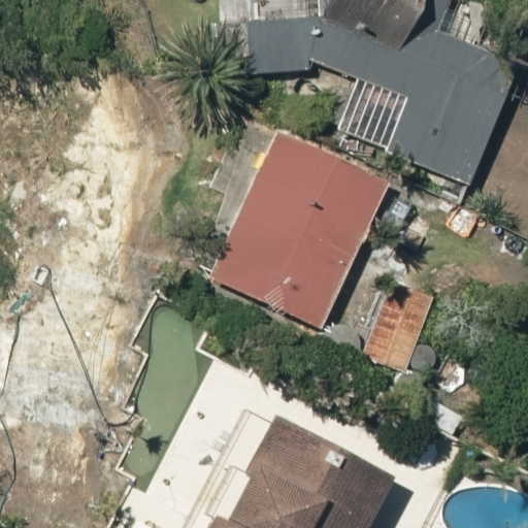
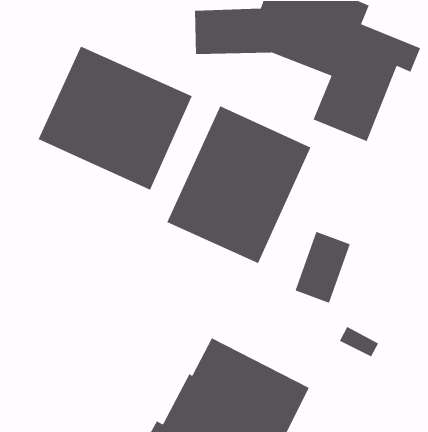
building: none -> [38,45,193,191]

